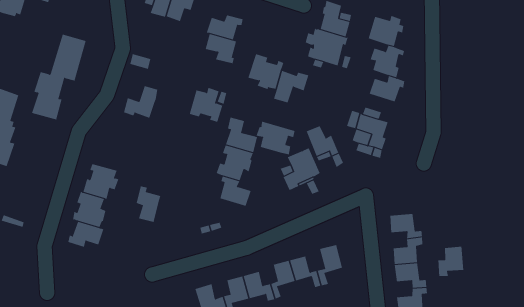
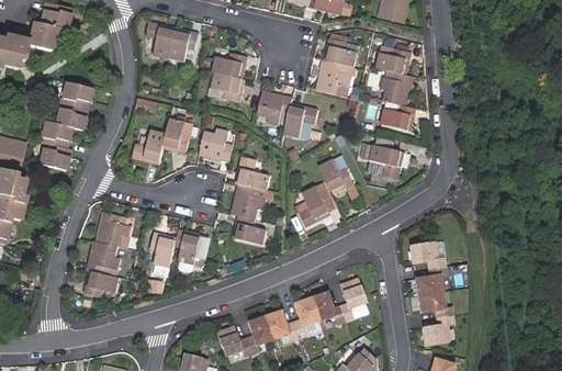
building: none -> [166,117,194,151]
building: [256,121,295,155] -> none
building: none -> [176,229,201,266]
building: [438,246,464,277] -> none

